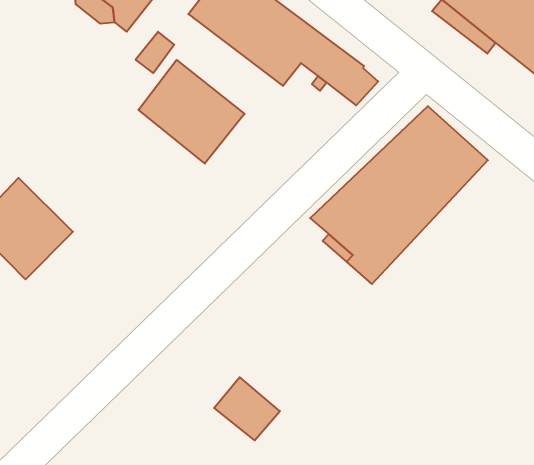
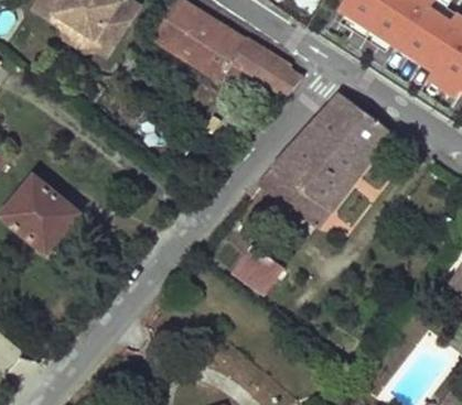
building: [138,60,245,164] -> none
building: [214,377,280,440] -> [235,244,286,292]

